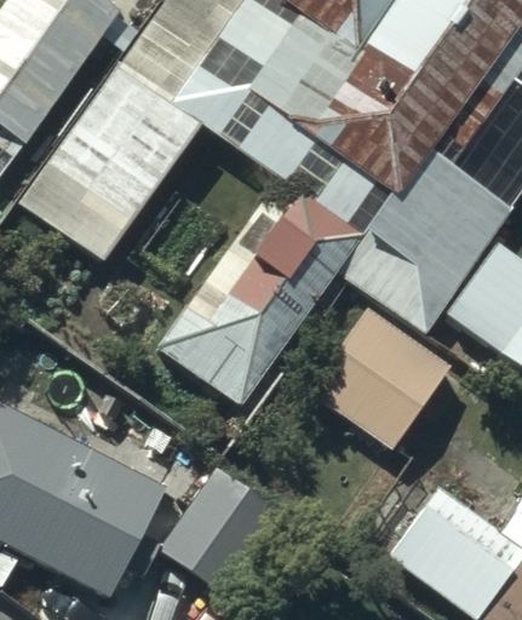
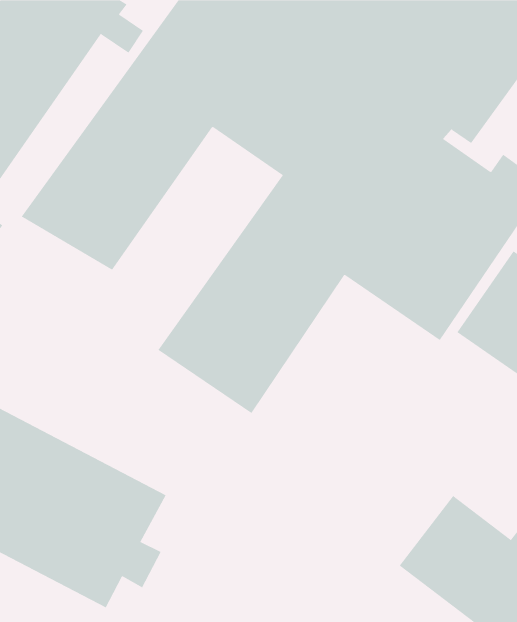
building: [308,309,458,459] -> none
building: [159,460,281,590] -> none

